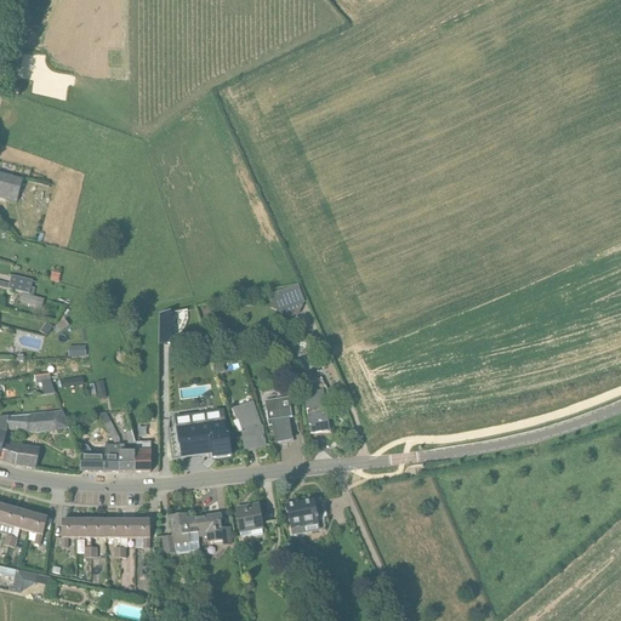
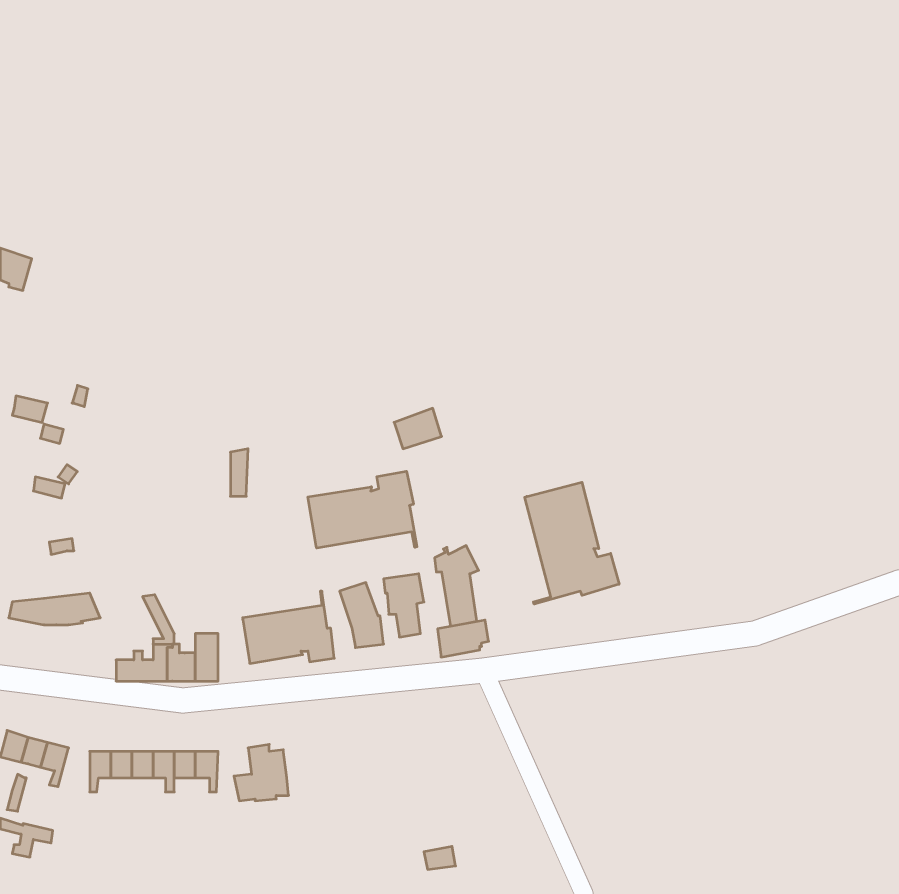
building: none -> [308,471,417,548]
building: none -> [525,482,619,604]
building: [7,441,40,466] -> none
building: [287,497,323,523] -> [438,620,489,657]
building: [237,503,262,532] -> none
building: [195,513,230,543] -> none

